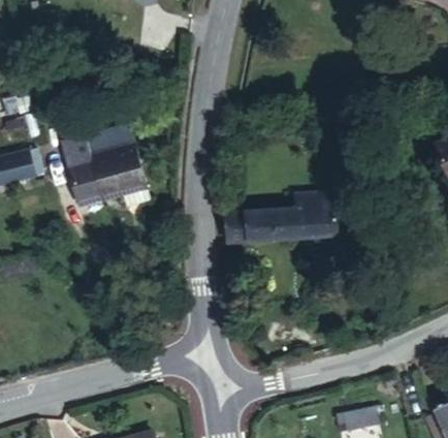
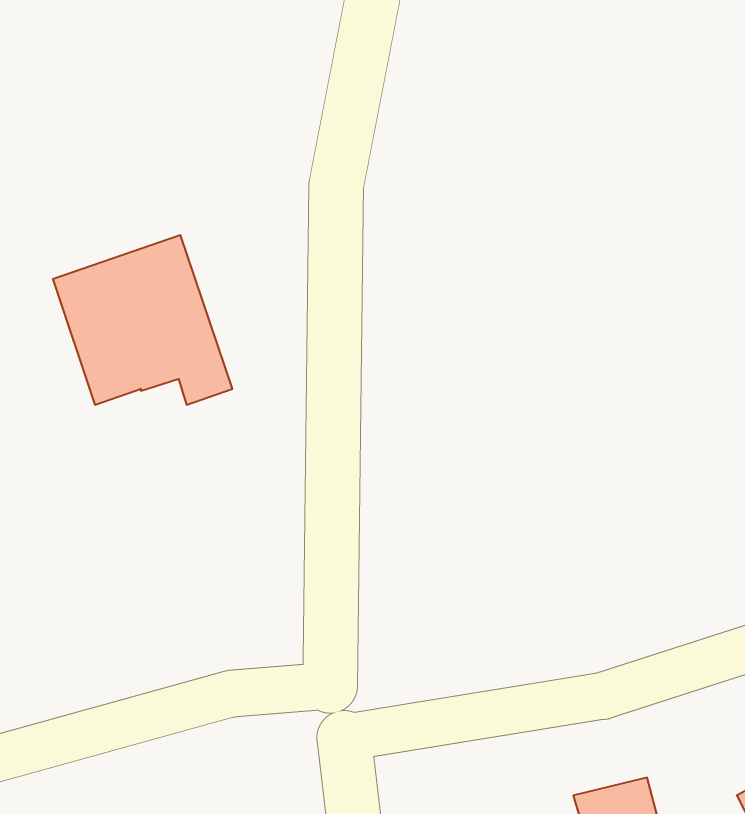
building: [227,190,331,239] -> none

